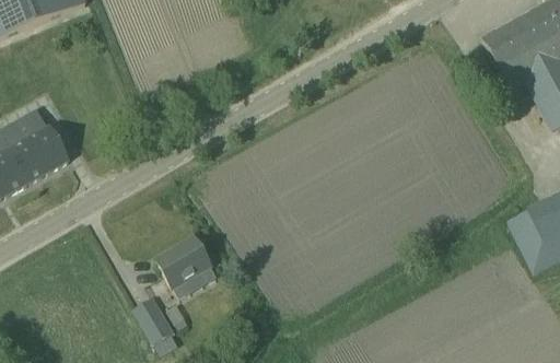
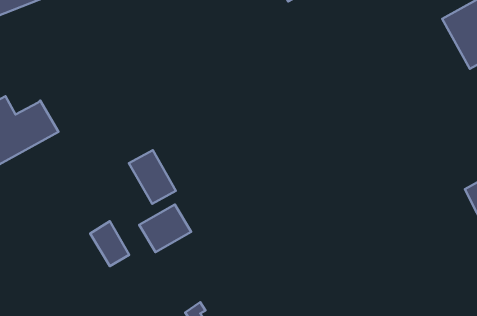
building: none -> [129,150,176,204]
building: [131,295,173,343] -> [90,221,129,266]

